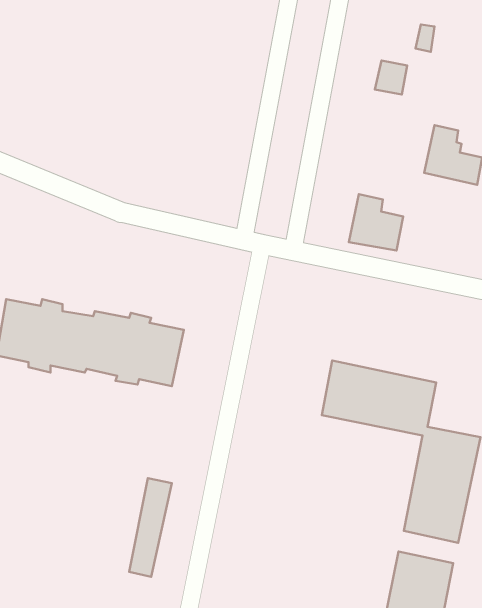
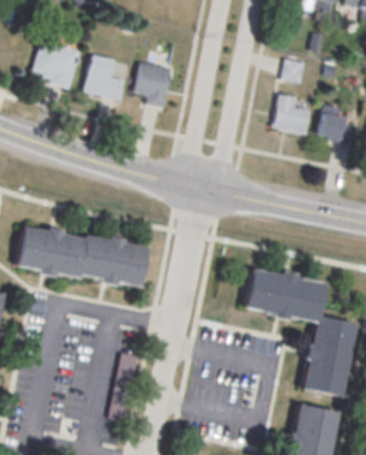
building: none -> [35,38,85,89]
building: none -> [85,54,128,100]
building: none -> [137,61,174,107]
building: [349,194,403,251] -> [275,94,313,133]

